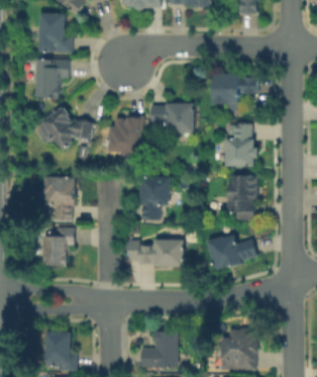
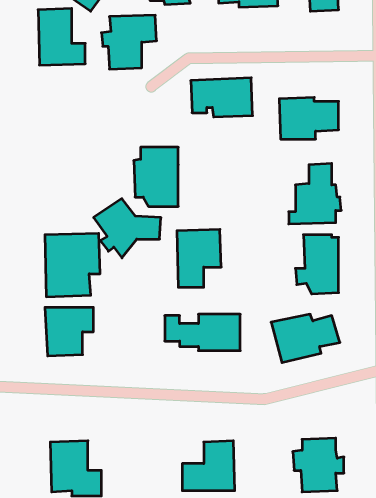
building: [26,57,68,97] -> [101,15,157,69]
building: [150,105,197,134] -> [191,78,253,117]
building: [40,106,91,151] -> [94,199,161,258]

